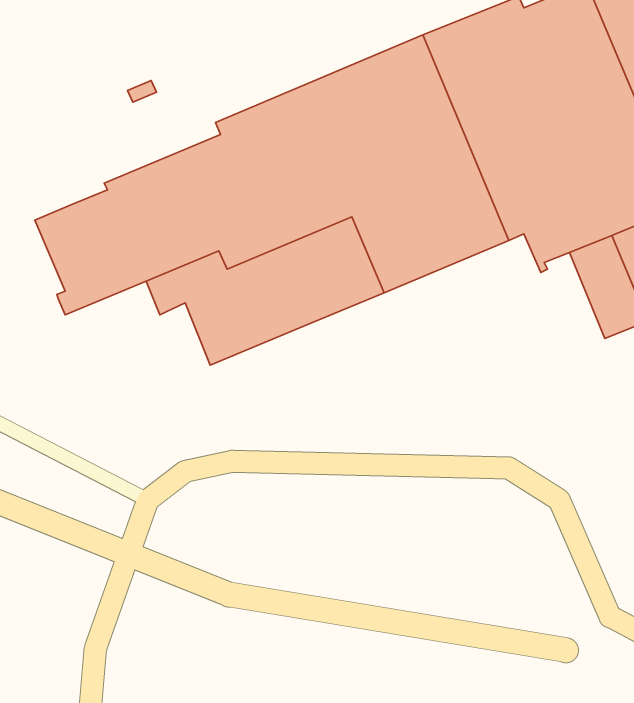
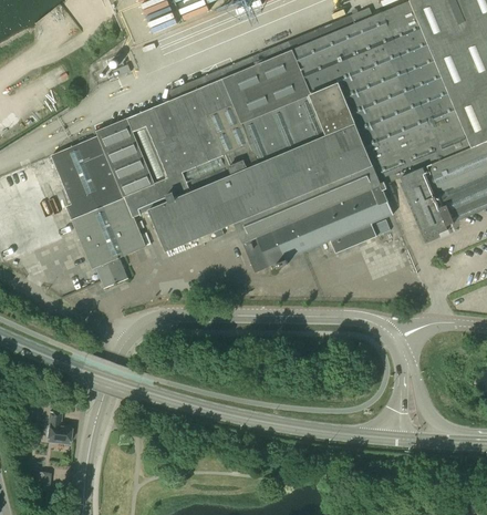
building: none -> [235,165,393,272]
building: none -> [71,196,145,289]
building: none -> [48,412,70,444]

